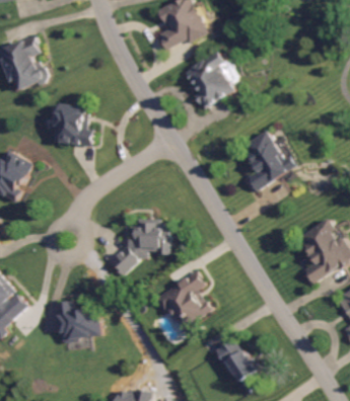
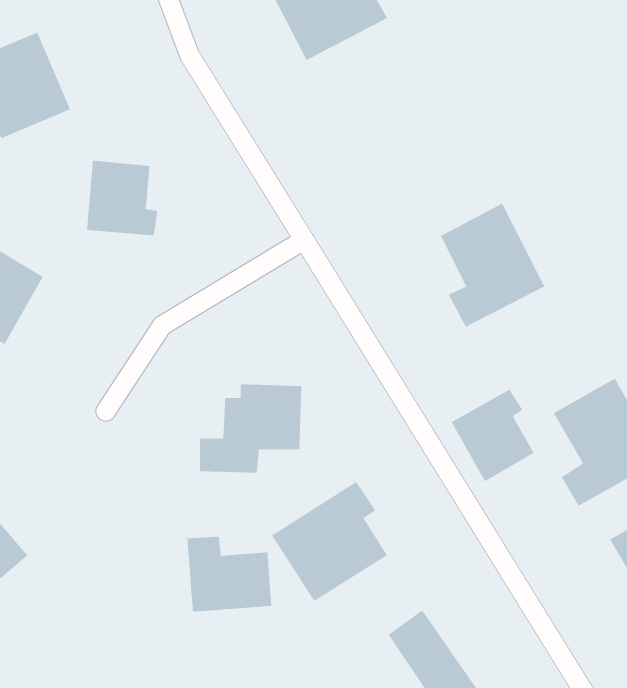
building: [183,55,239,111] -> none
building: none -> [451,389,534,482]
building: [55,301,99,340] -> [186,536,272,612]

